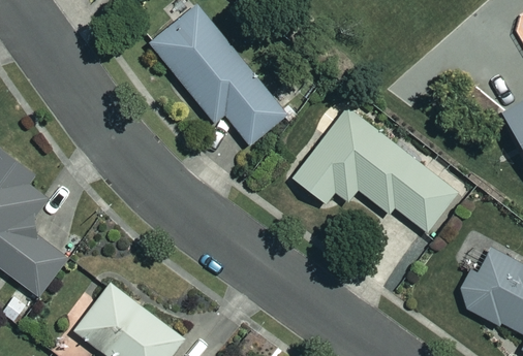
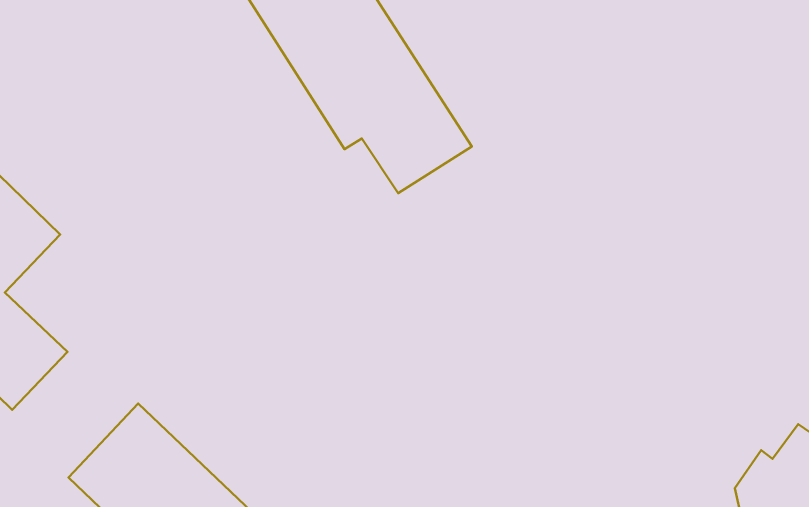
building: [295,107,460,233] -> none

